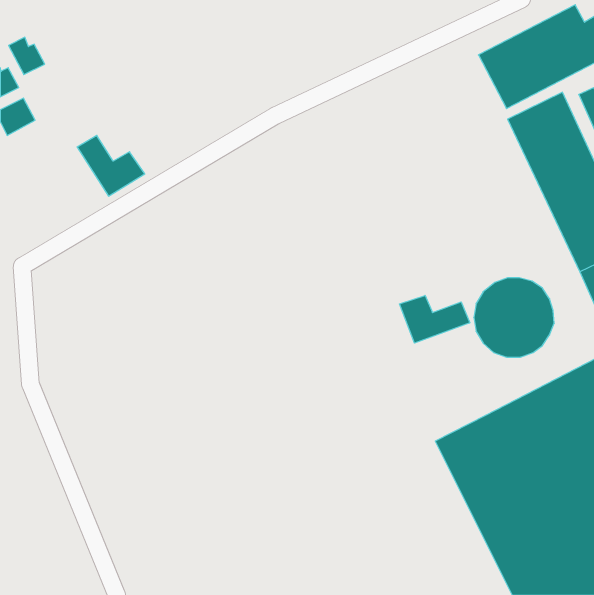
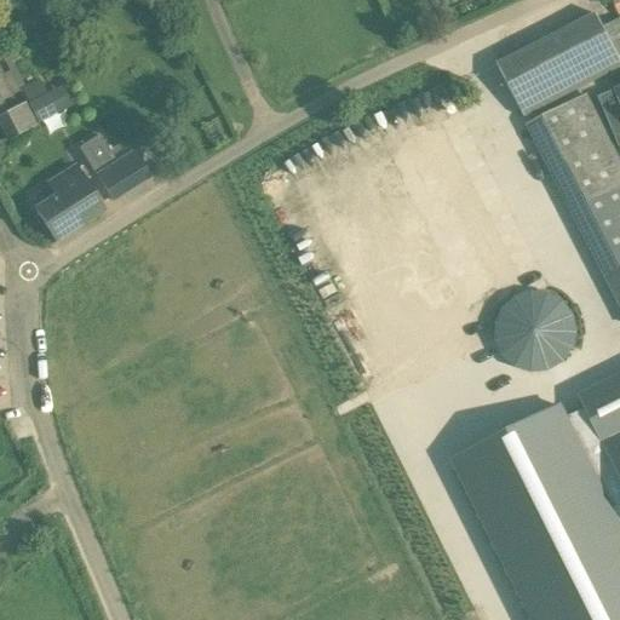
building: [9,37,45,75] -> [25,84,63,122]
building: none -> [39,168,103,240]
building: [399,295,470,343] -> none

